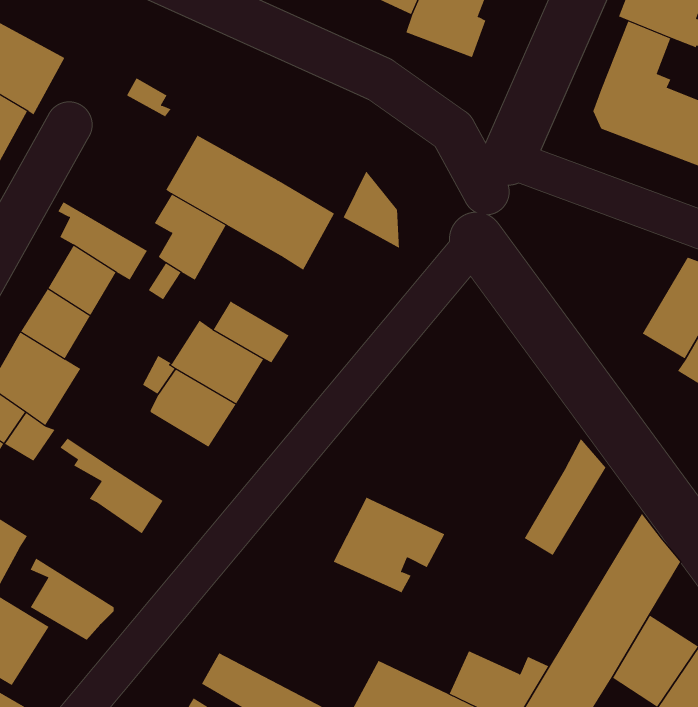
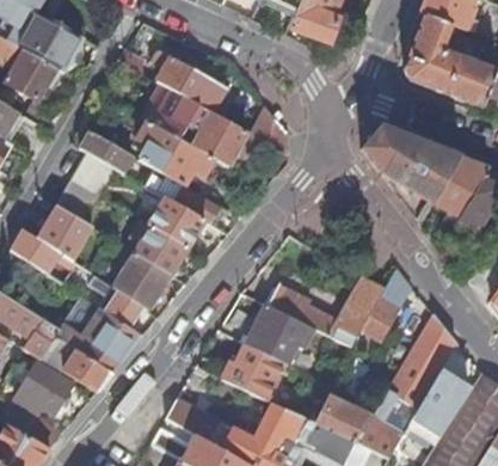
building: none -> [150,49,226,111]
building: none -> [362,125,461,204]
building: none -> [162,139,215,185]
building: none -> [113,252,171,309]
building: none -> [269,274,387,345]
building: none -> [56,307,143,370]
building: none -> [222,343,285,399]

